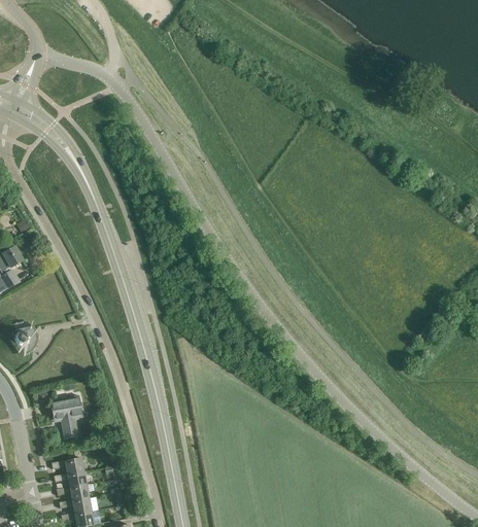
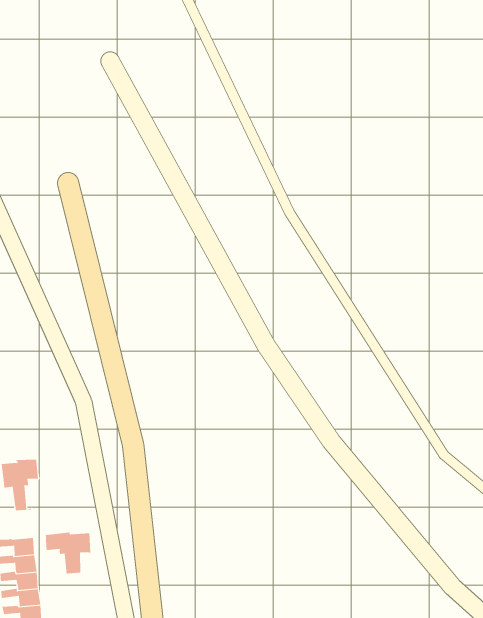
building: none -> [45,532,91,575]

